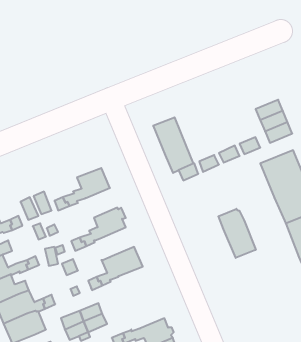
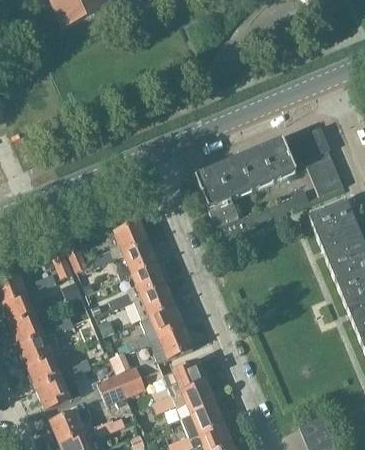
building: none -> [290,127,329,160]
building: none -> [218,139,296,197]
building: none -> [116,242,157,278]
building: [218,209,256,258] -> none
building: none -> [133,284,175,319]
building: none -> [149,326,193,362]
building: none -> [163,360,211,392]

